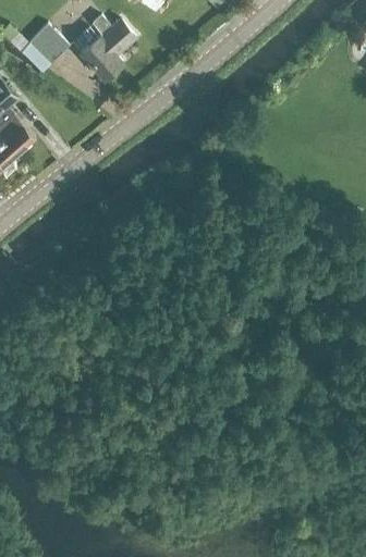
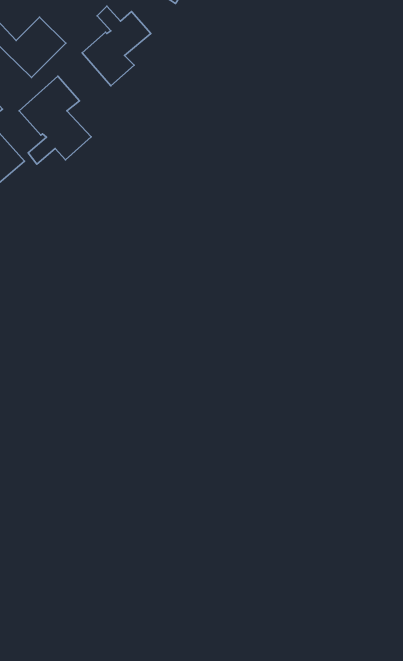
building: none -> [19,76,91,164]

